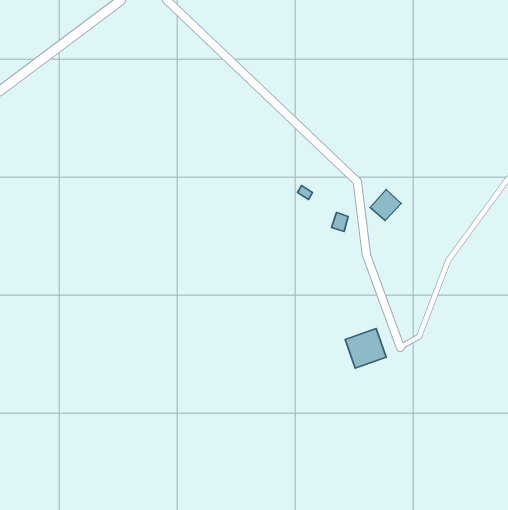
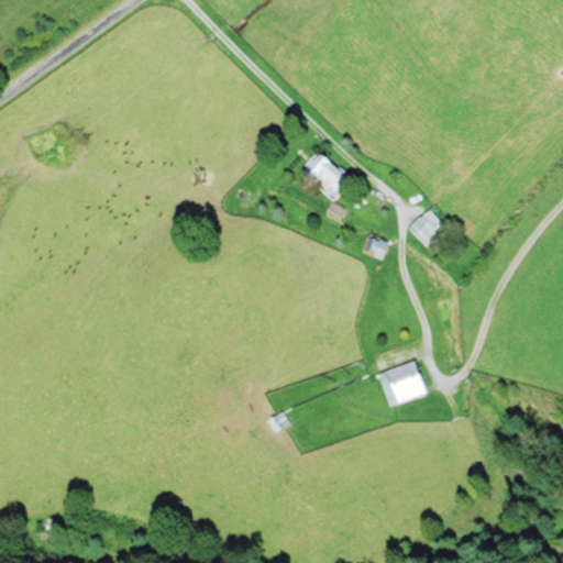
building: none -> [306,157,349,200]

